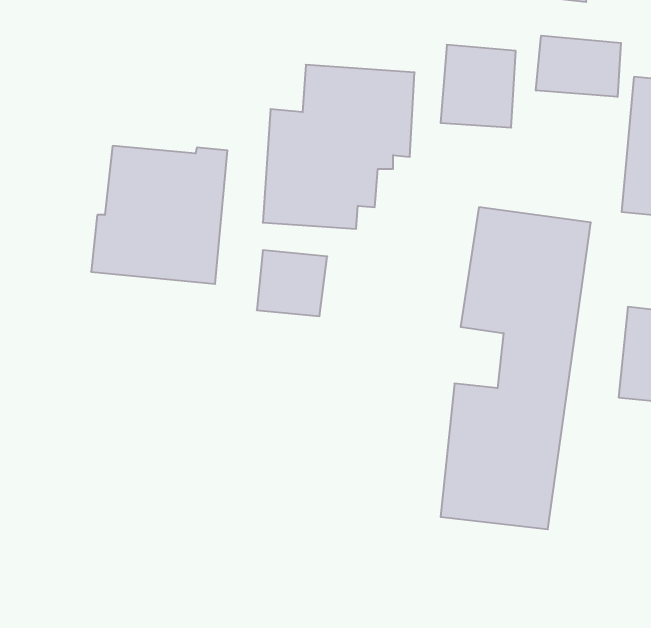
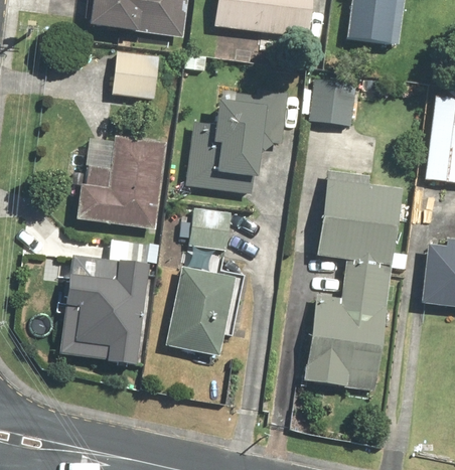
building: none -> [112,49,158,98]
building: [536,36,621,97] -> none
building: none -> [59,238,158,366]
building: none -> [165,265,238,356]

